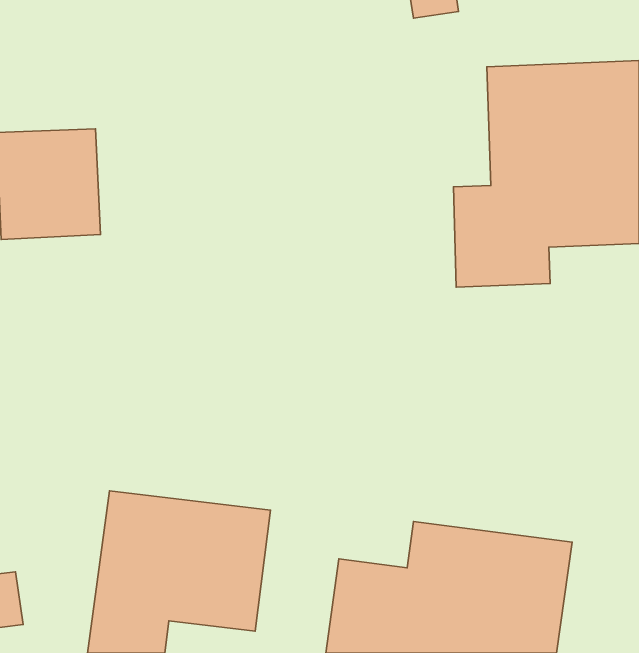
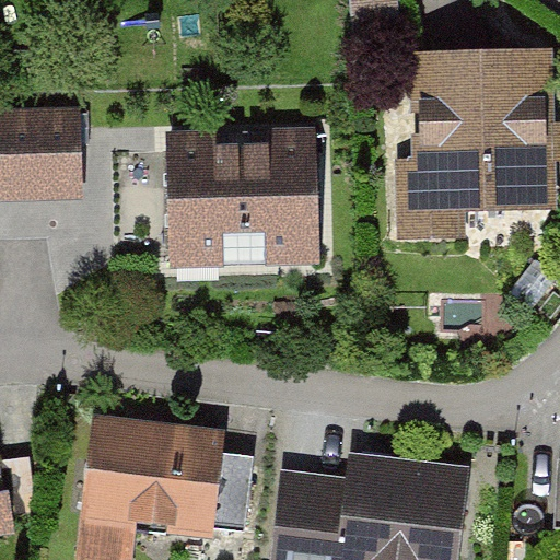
building: none -> [163,132,325,267]

